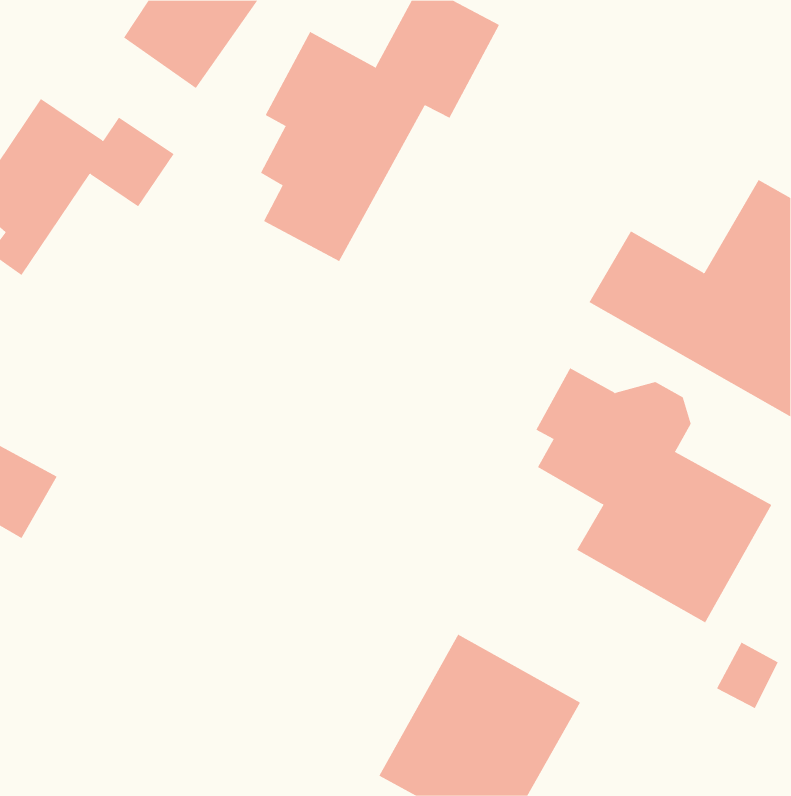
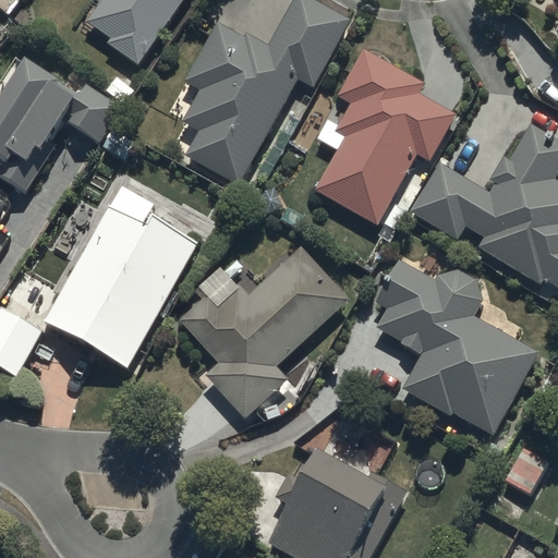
building: none -> [315,48,456,223]
building: none -> [46,197,197,372]
building: none -> [181,242,350,416]

